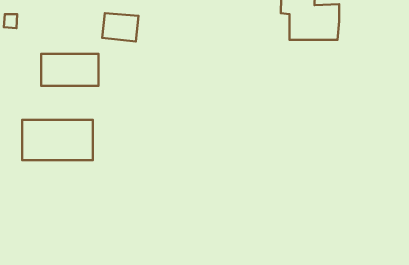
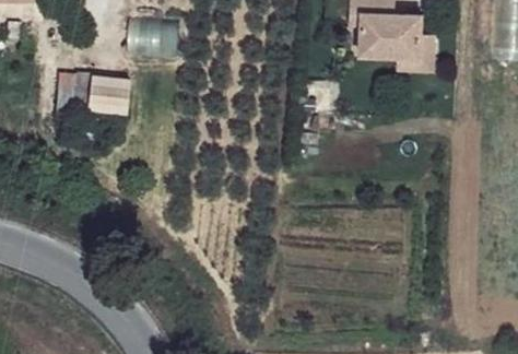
building: none -> [393,34,433,75]
building: [22,120,93,160] -> none

